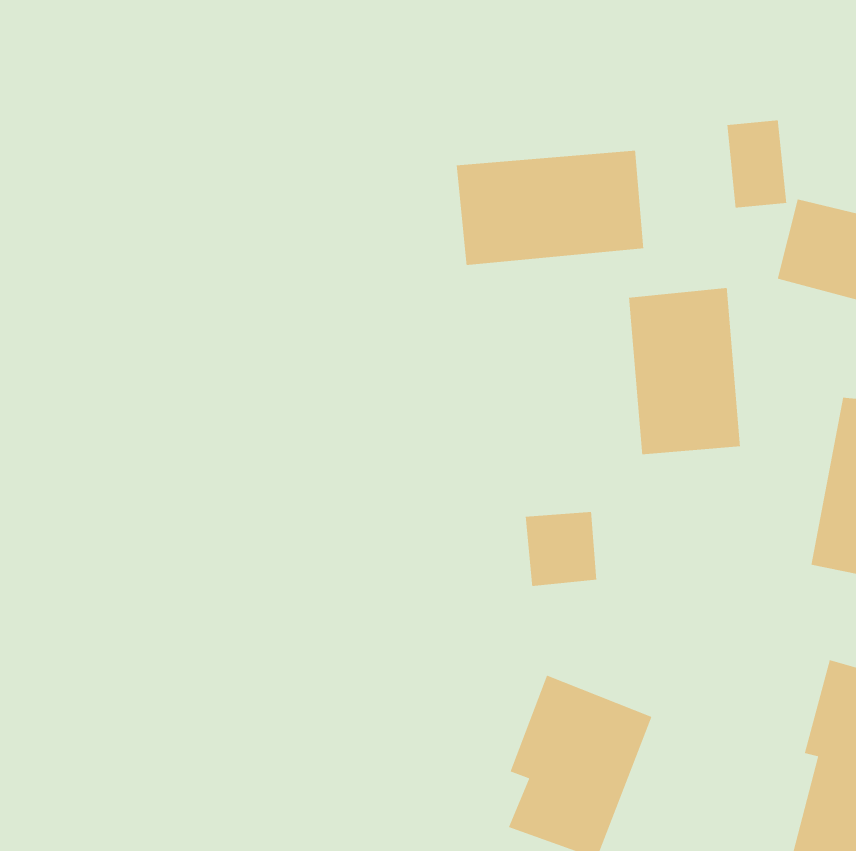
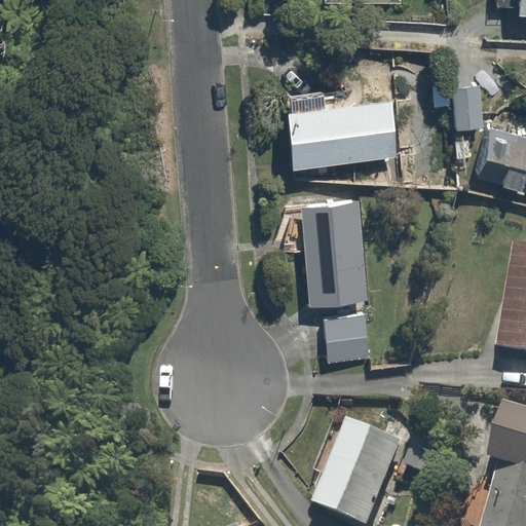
building: [628,287,741,455] -> [298,200,367,303]

